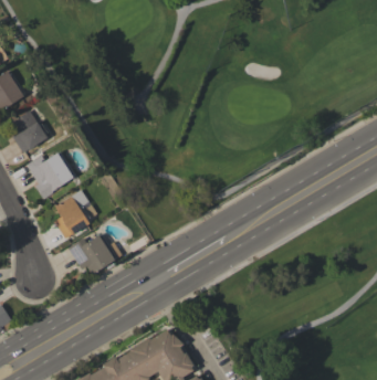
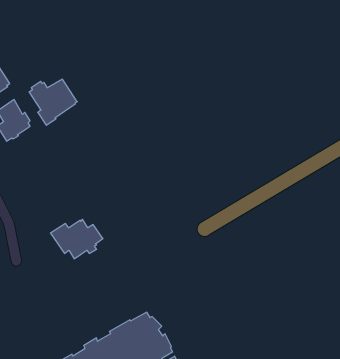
building: [25,151,75,199] -> [29,79,77,125]
building: [53,189,90,237] -> none

